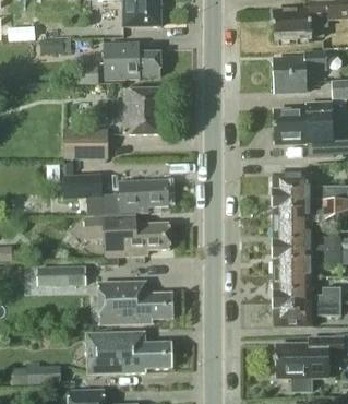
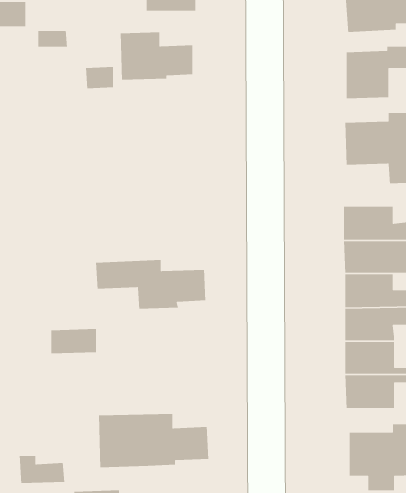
building: [123,86,160,131] -> none
building: [65,130,109,159] -> none
building: [62,175,168,215] -> none
building: [97,277,172,321] -> none

